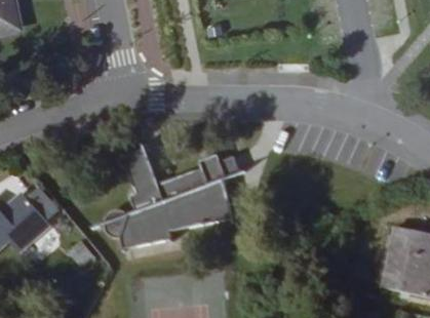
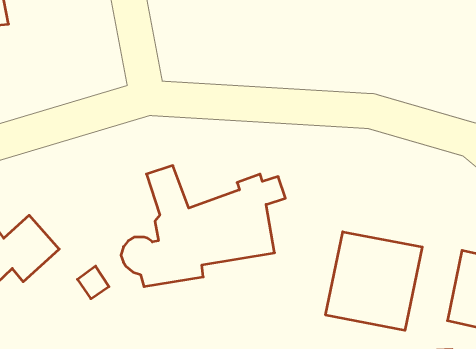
building: none -> [326,232,422,330]

